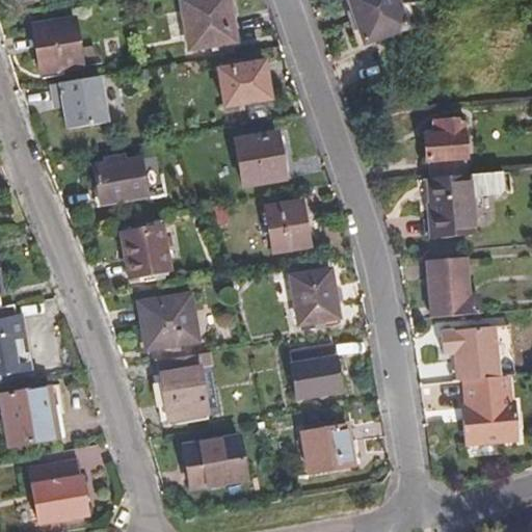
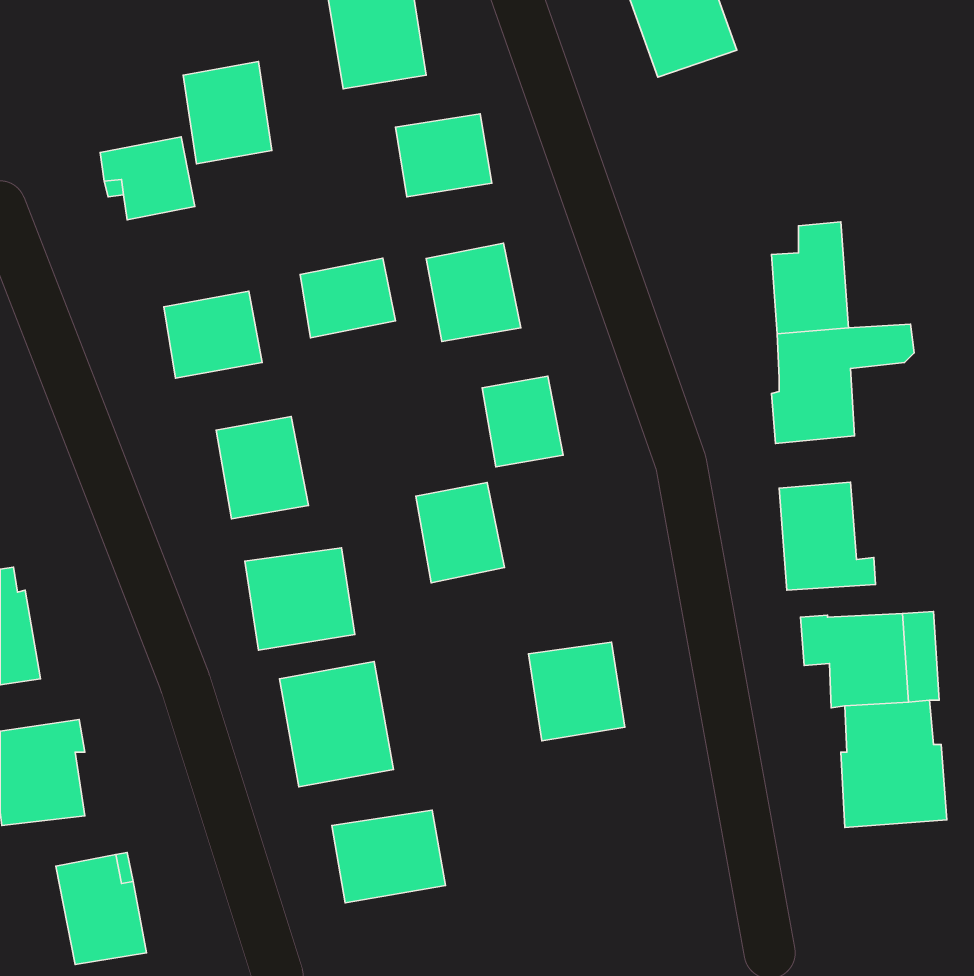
building: [36,20,84,75] -> [183,62,272,164]
building: none -> [300,258,395,338]
building: [292,270,340,324] -> [416,483,505,583]
building: [303,426,354,472] -> none

